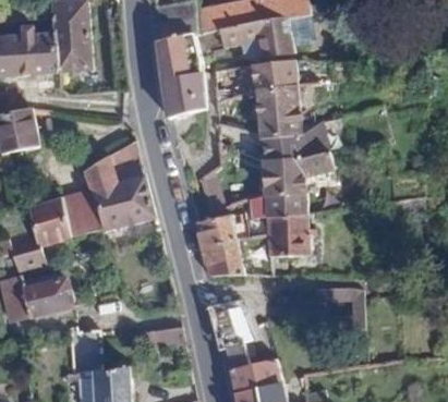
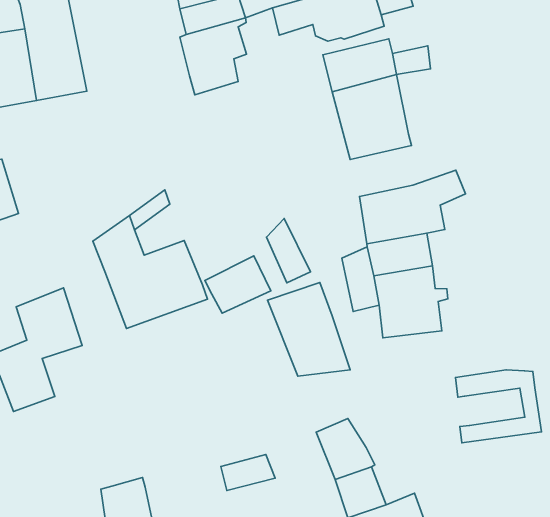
building: [162,76,196,120] -> none
building: [259,119,328,161] -> none
building: [61,191,99,237] -> none
building: none -> [205,256,271,313]
building: [13,280,72,316] -> none

